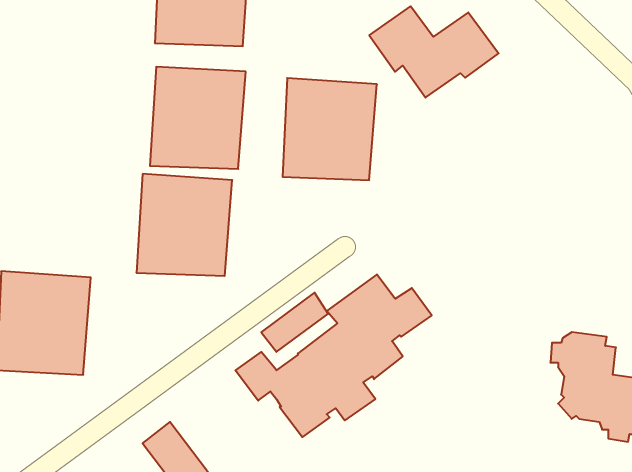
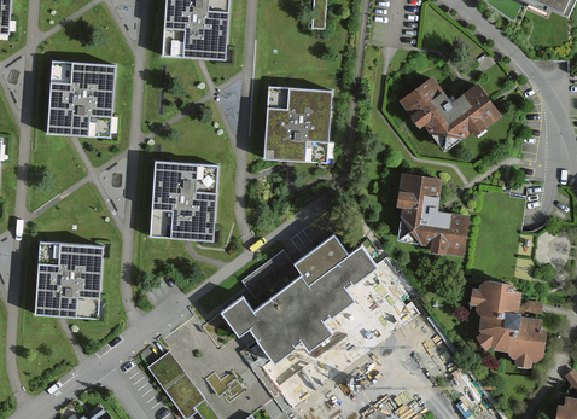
building: [369,6,499,98] -> [400,78,502,151]
building: [150,67,246,169] -> [45,53,121,134]
building: none -> [397,174,470,257]

